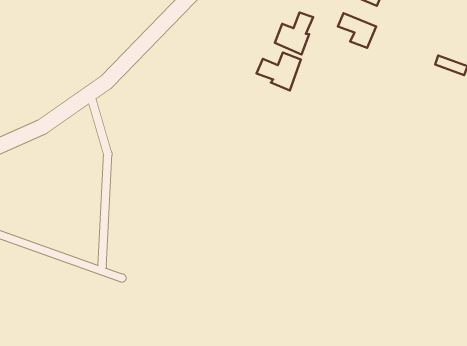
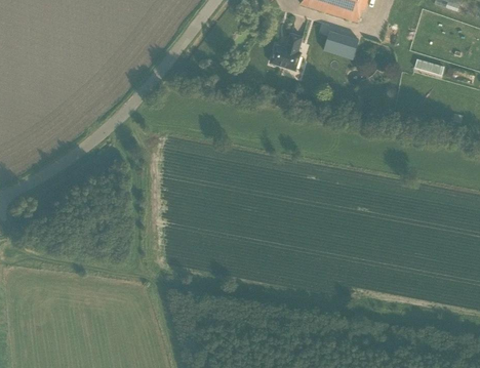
building: [256,52,301,90] -> none

